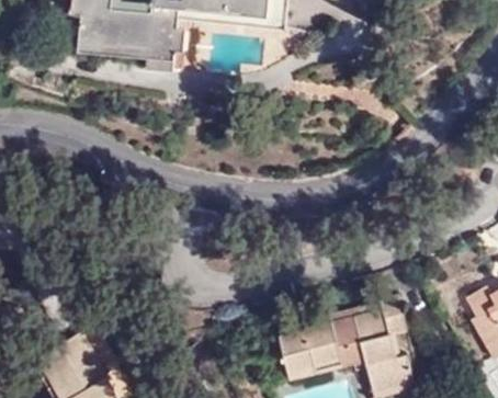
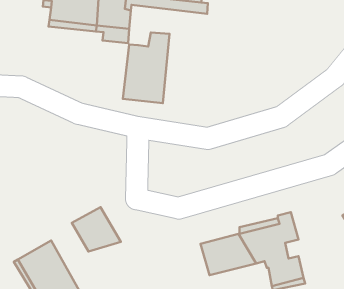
building: none -> [123,33,169,103]
building: none -> [72,207,121,251]

